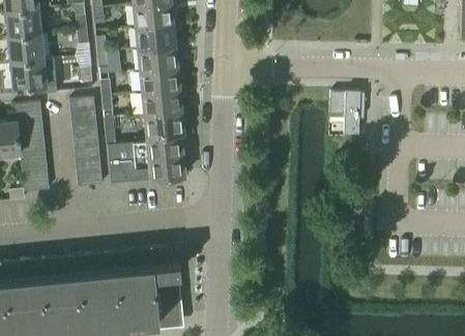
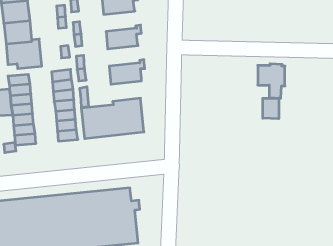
building: [135,24,180,54] -> none
building: [140,67,184,97] -> none
building: [144,112,188,142] -> none
building: none -> [263,98,279,119]

